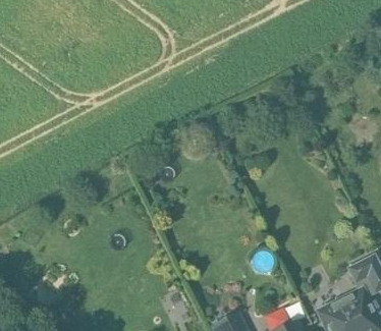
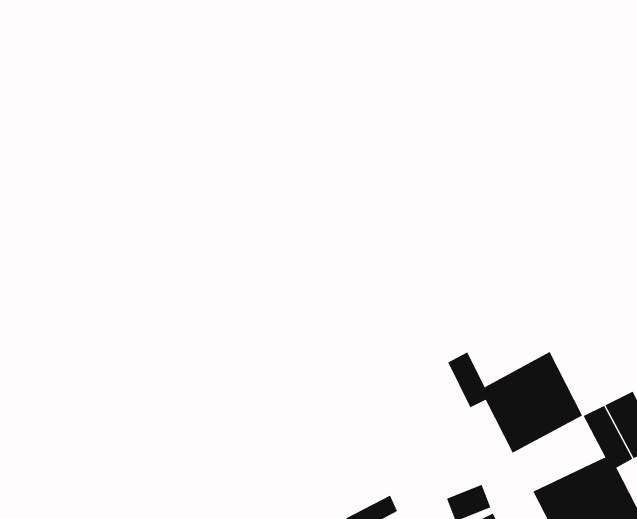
building: none -> [448,351,583,453]

